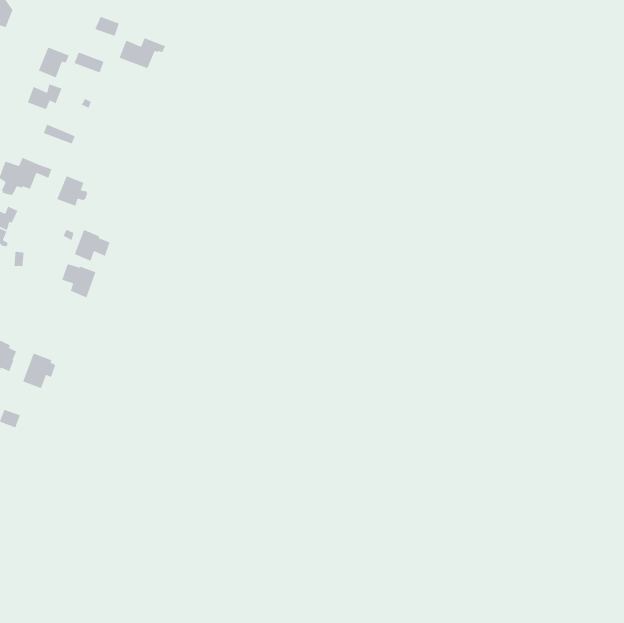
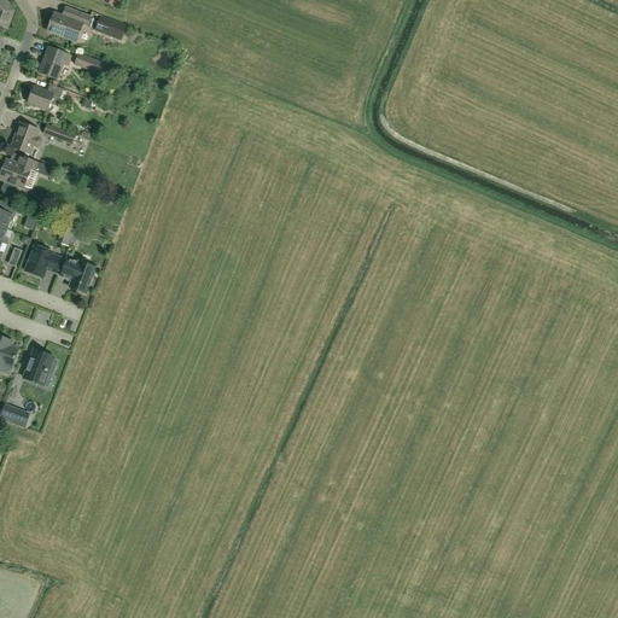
building: [119,37,166,69] -> [46,8,93,40]
building: [56,175,88,207] -> [10,121,41,152]
building: [74,229,110,262] -> [25,245,62,278]

